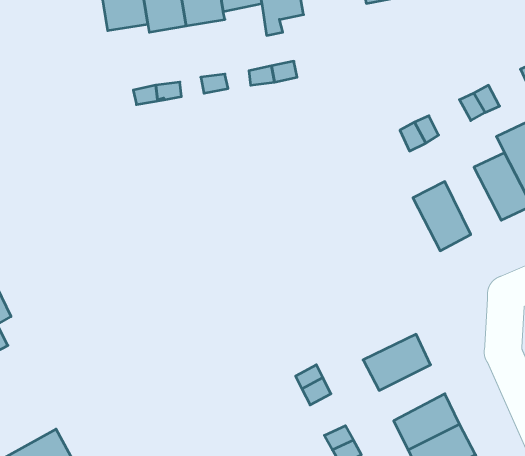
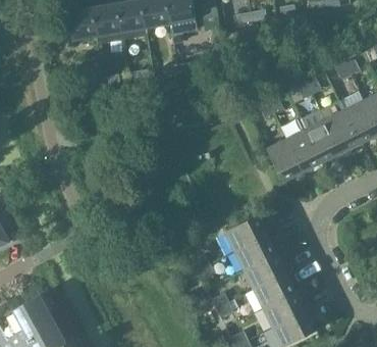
building: none -> [280,117,323,171]
building: none -> [226,215,269,251]
building: none -> [246,254,287,290]

